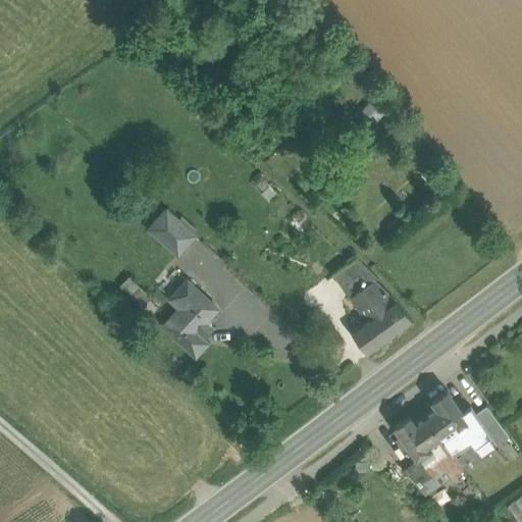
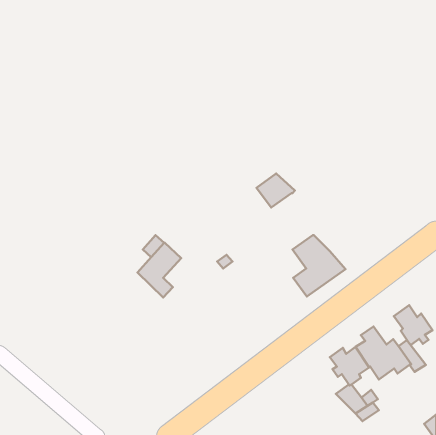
building: [146,207,198,258] -> none
building: [331,259,377,300] -> [256,173,295,208]
building: none -> [394,305,432,345]

